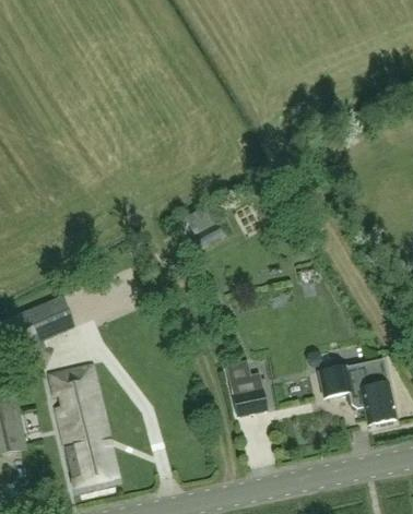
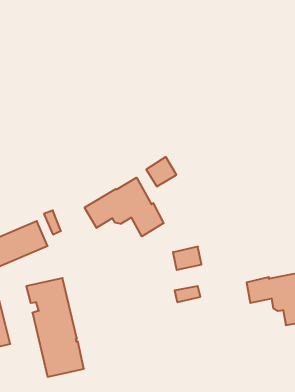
building: none -> [85,178,164,236]
building: [232,389,267,417] -> [173,247,201,270]

